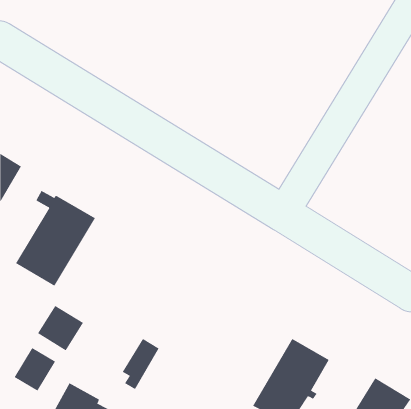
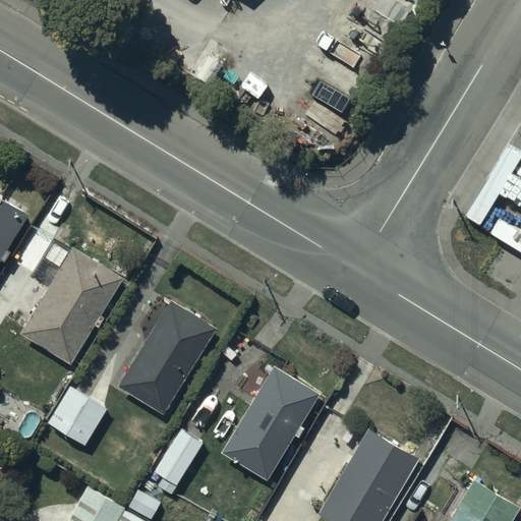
building: none -> [118,300,217,414]
building: none -> [222,366,317,479]
building: [14,347,56,391] -> none

